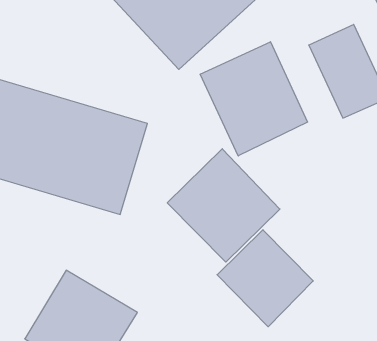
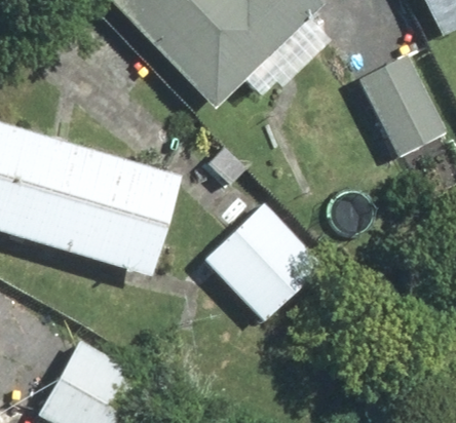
building: [200,42,308,156] -> none
building: [217,230,313,327] -> none

